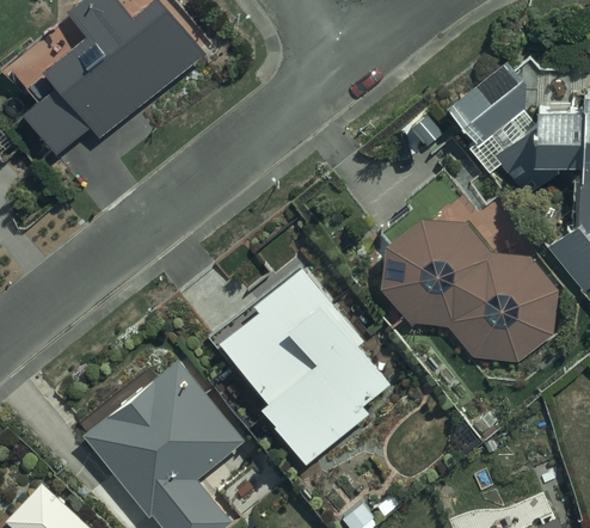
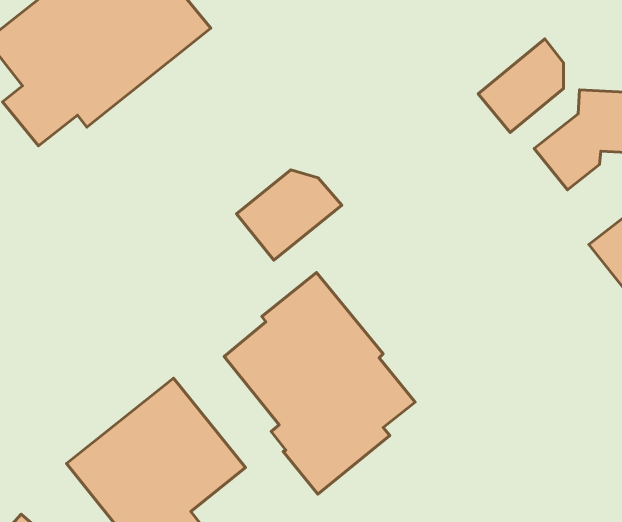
building: none -> [236,170,342,260]
building: [381,221,557,363] -> none

